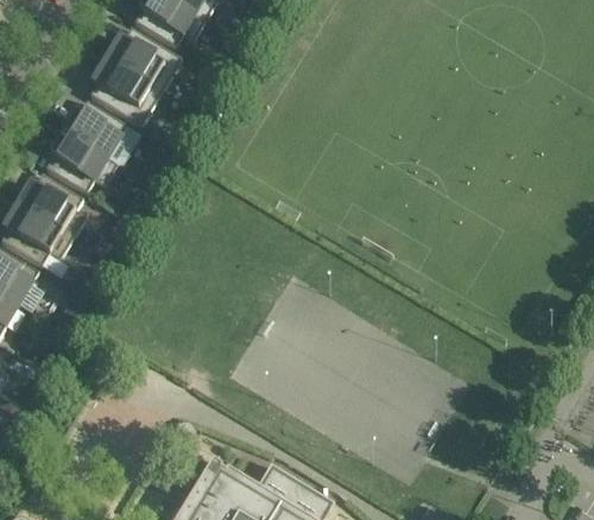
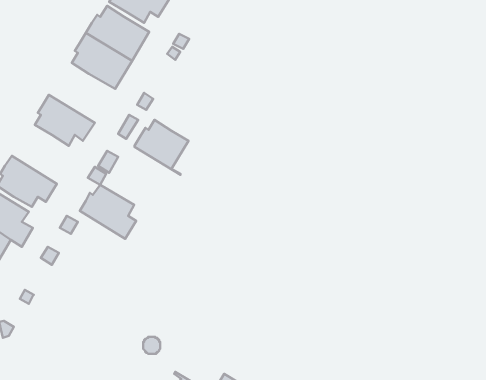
building: [59,103,124,169] -> [134,120,188,175]
building: [15,177,82,241] -> [80,185,136,239]

